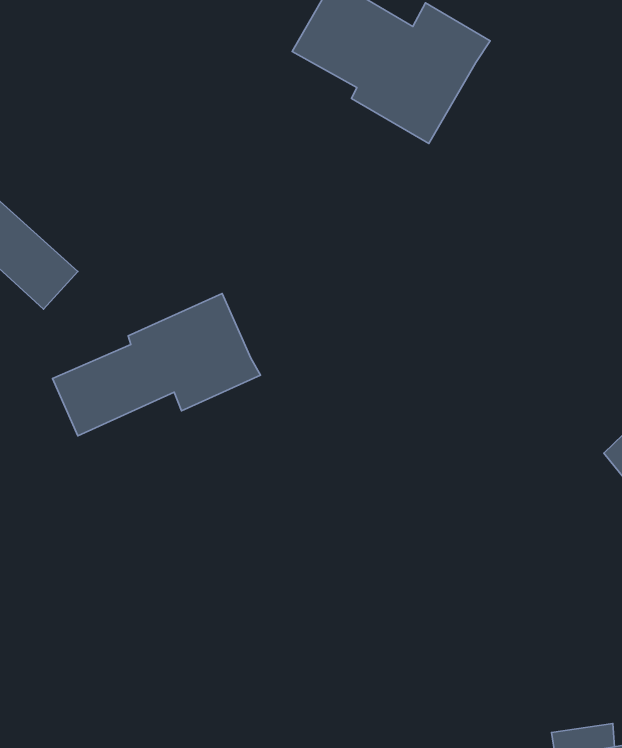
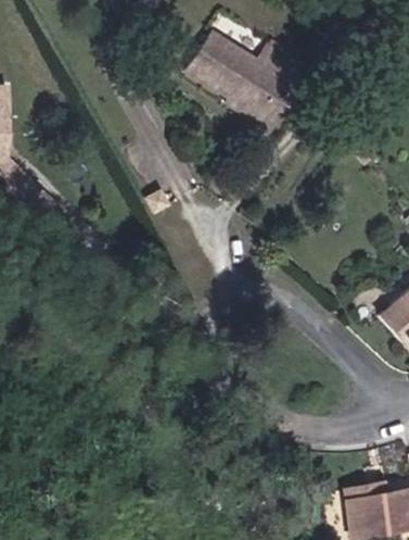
building: [53,294,260,436] -> none

